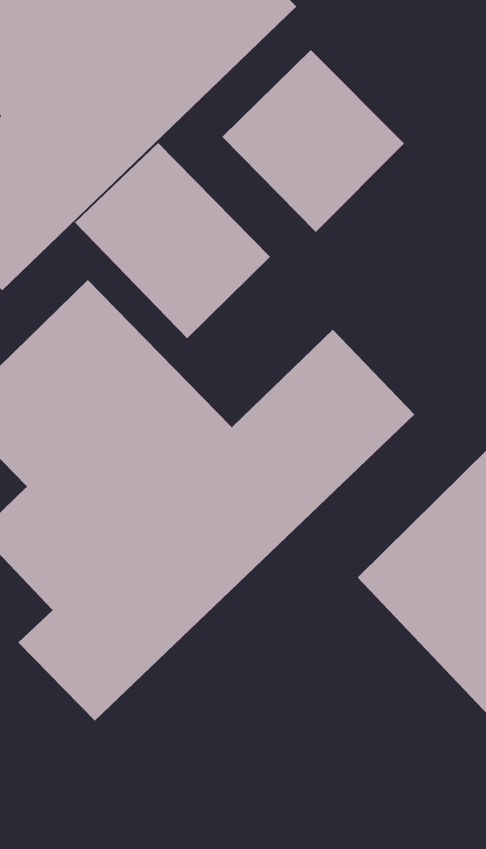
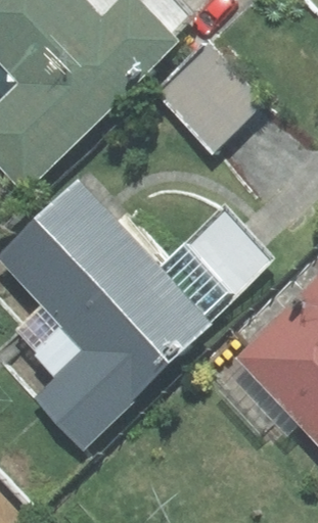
building: [74,142,271,339] -> none

